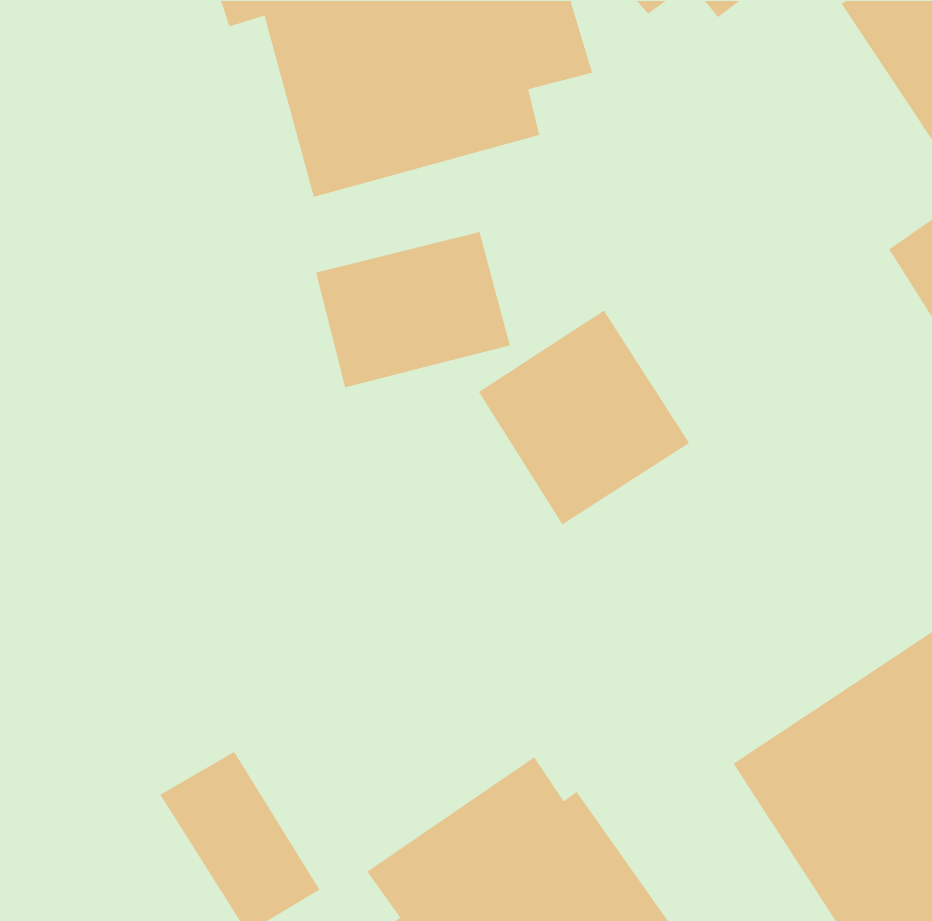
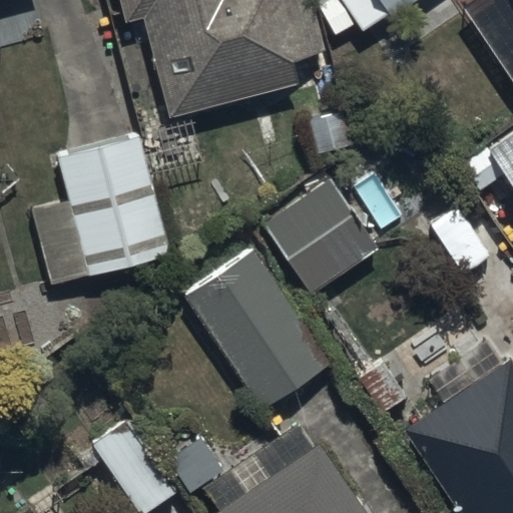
building: [315,231,511,388] -> none
building: none -> [28,135,171,288]
building: none -> [182,245,332,411]

